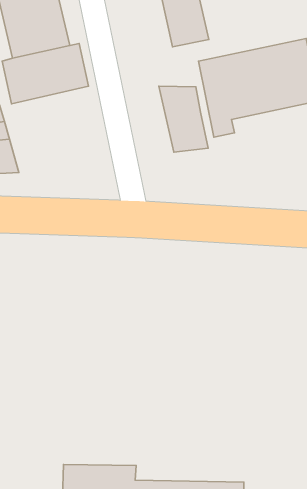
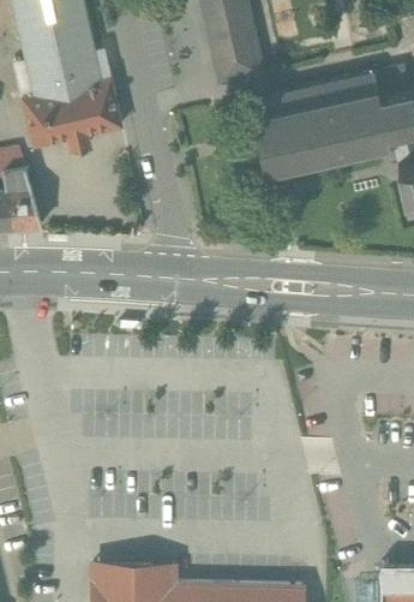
building: [159,86,208,152] -> none

